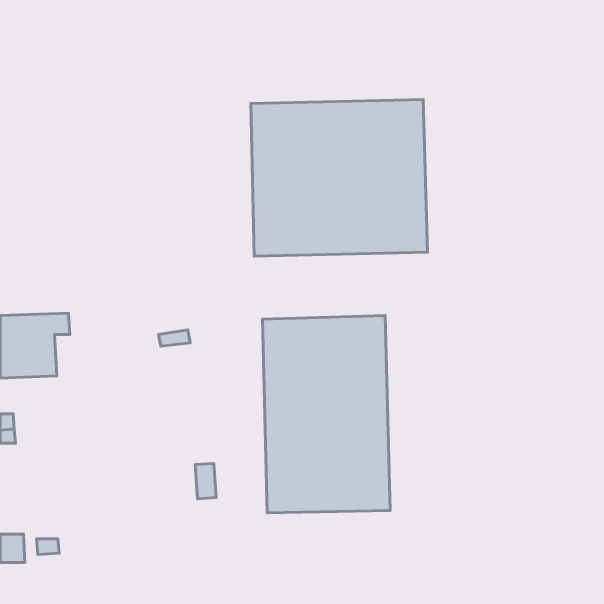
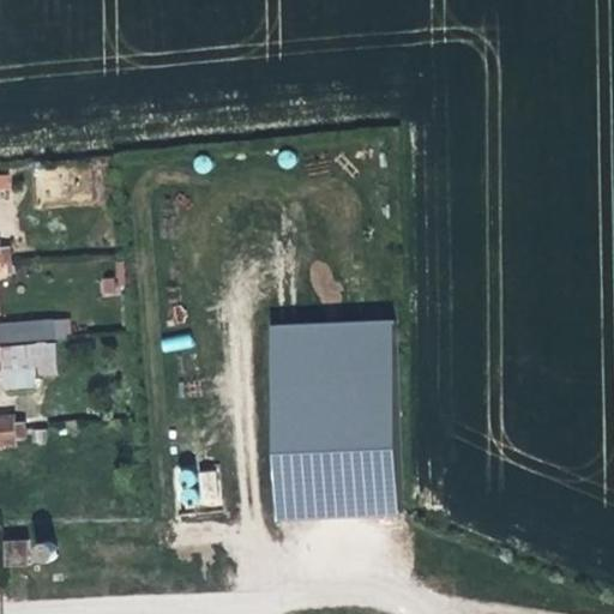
building: [251,99,427,256] -> none

